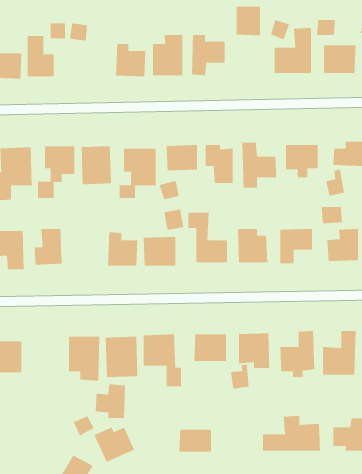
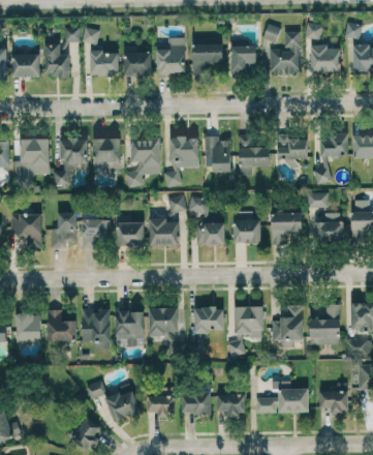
building: [236,6,261,36] -> [234,46,256,72]
building: none -> [90,51,119,75]
building: none -> [82,218,111,248]
building: none -> [46,309,76,341]
building: [95,384,126,418] -> [146,387,174,418]
building: none -> [217,394,246,415]

